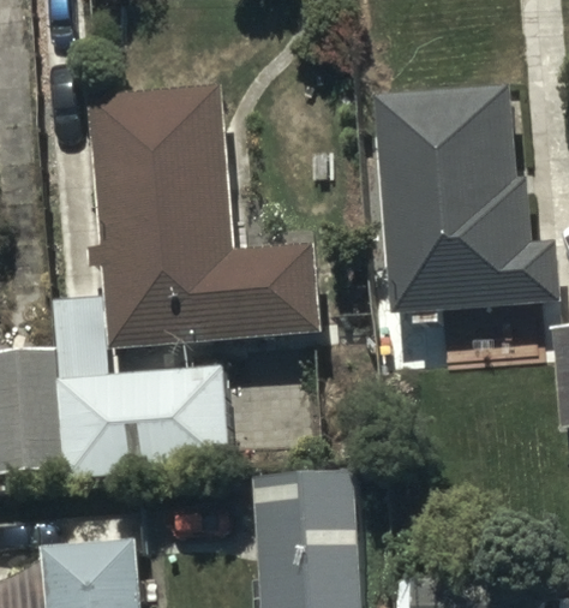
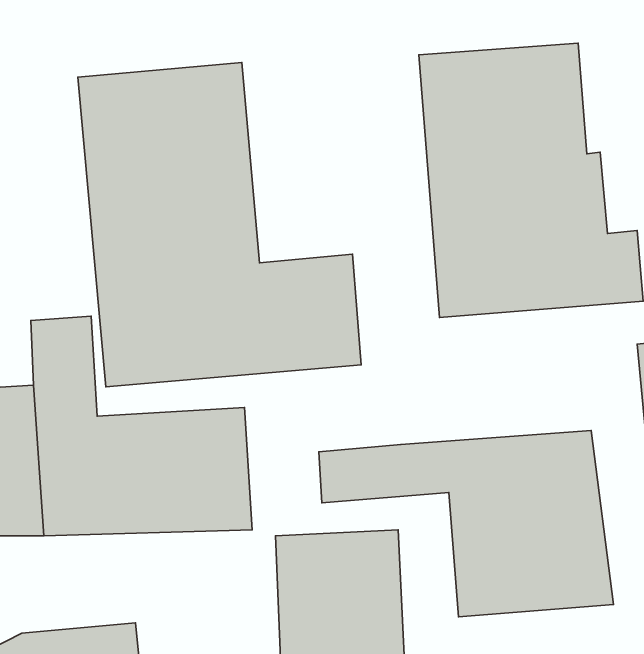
building: none -> [319,431,613,617]

